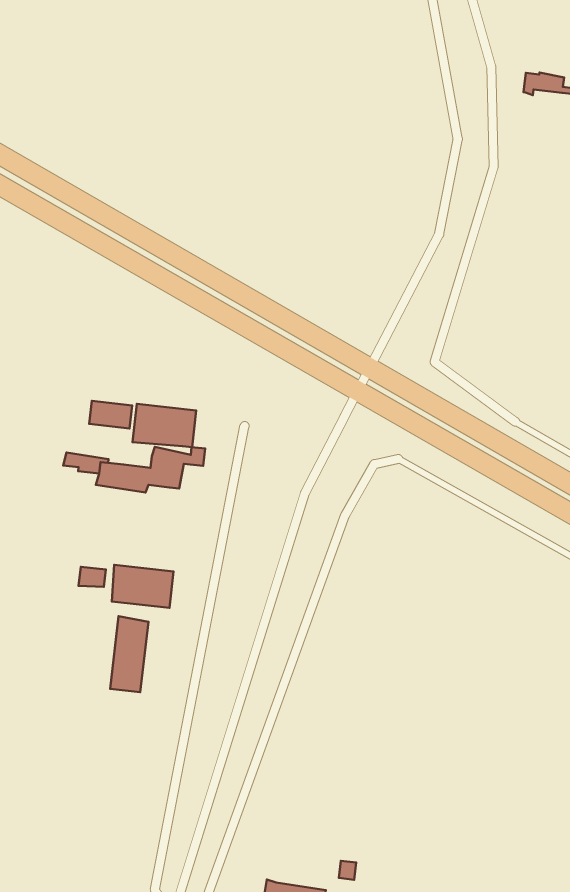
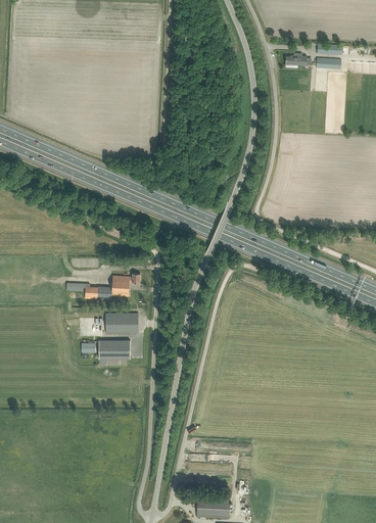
building: [132,404,196,447] -> [105,313,137,333]
building: [110,616,148,692] -> none

